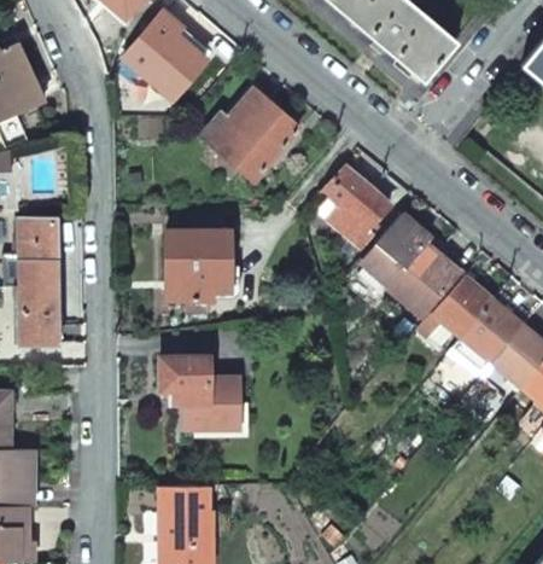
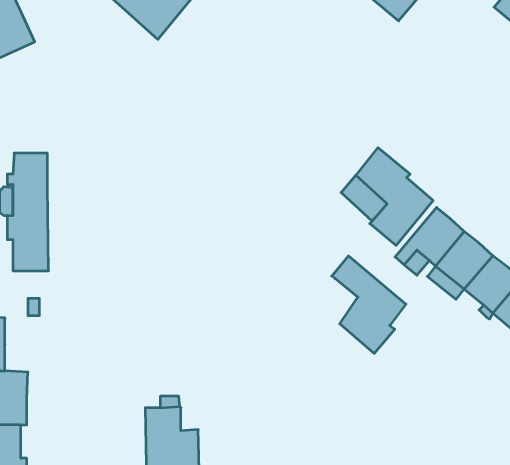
building: [204,88,300,179] -> none
building: [323,164,390,246] -> none
building: [168,229,232,300] -> none
building: none -> [332,256,406,353]
building: [160,355,240,429] -> none

